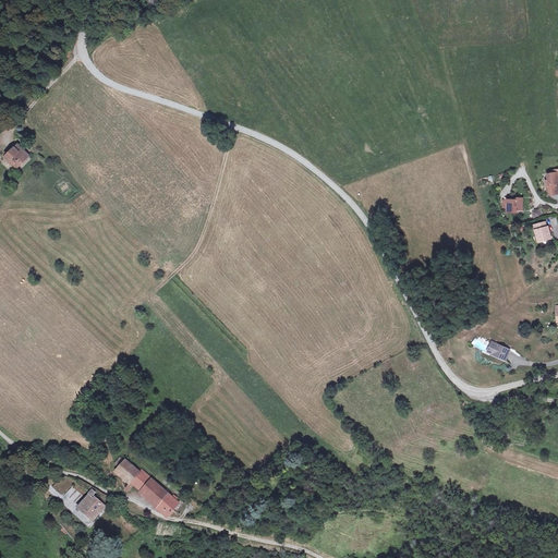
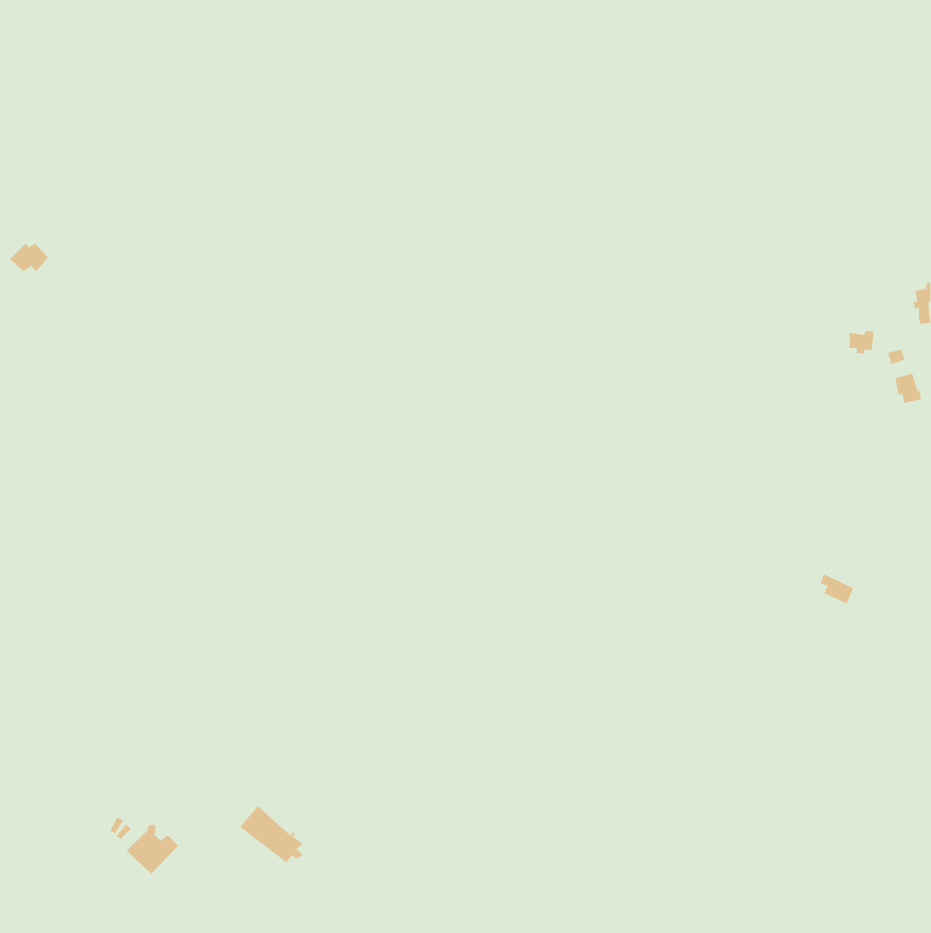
building: [116,462,154,494] -> none

